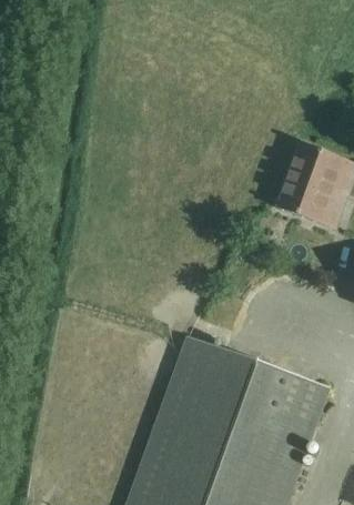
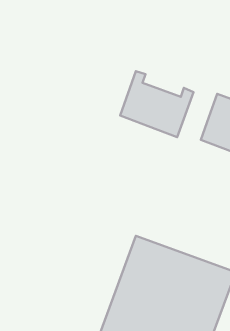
building: none -> [120,71,194,137]

